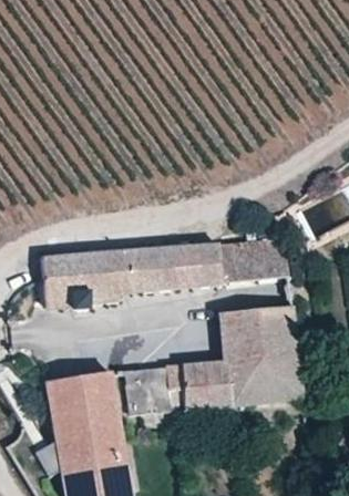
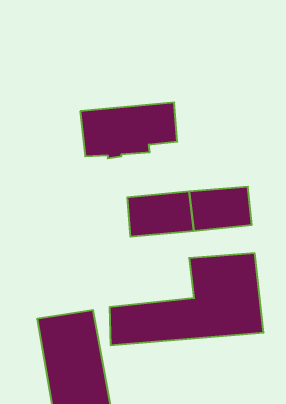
building: [42,247,152,310] -> [80,102,177,158]

